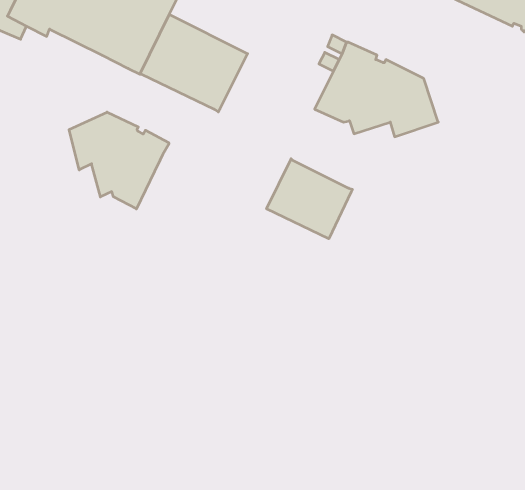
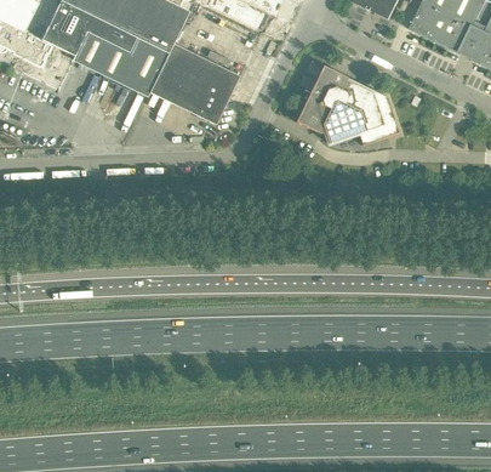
building: [69,112,169,209] -> none
building: [267,159,352,239] -> none

